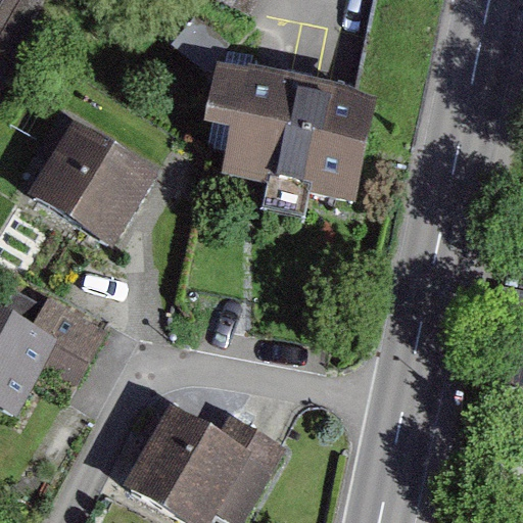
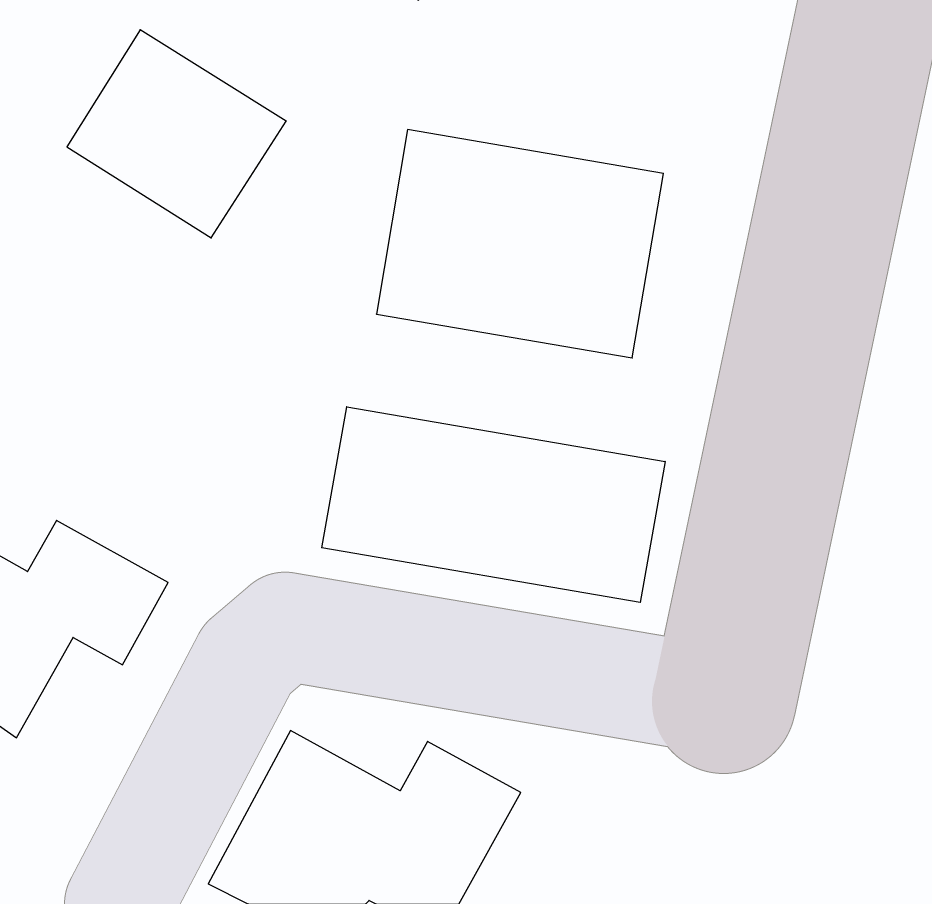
building: [35,123,157,239] -> [67,30,286,238]
building: none -> [322,407,665,602]

